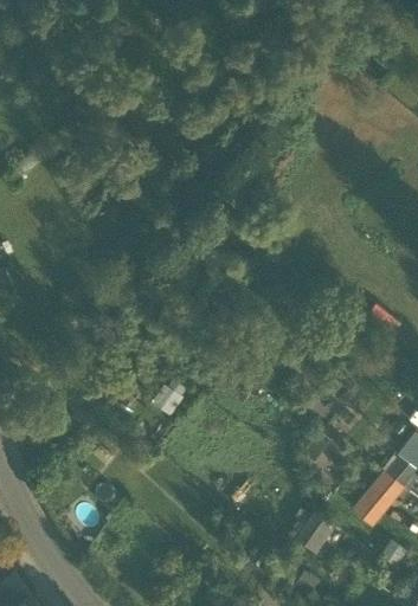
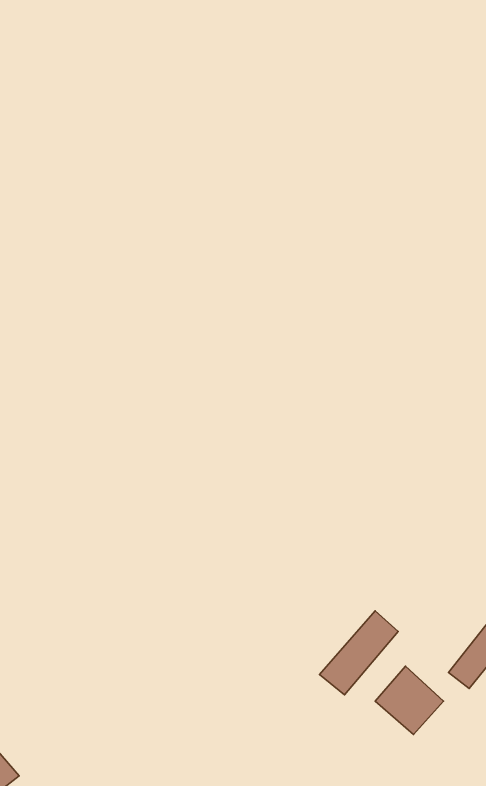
building: none -> [319,611,398,695]

